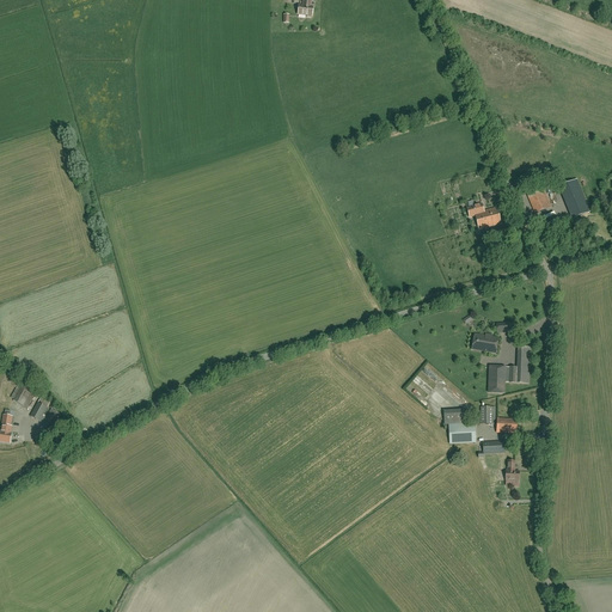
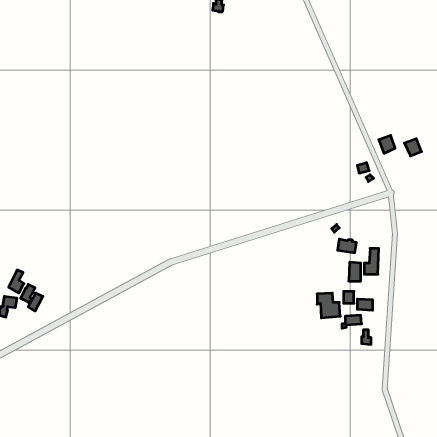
building: [466,203,500,230] -> none

